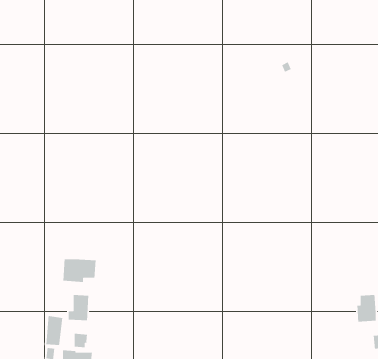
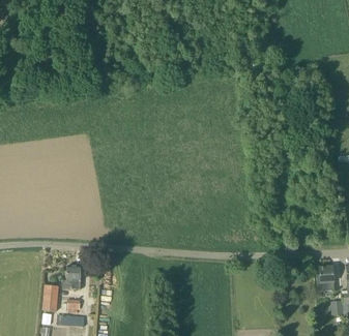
building: [63,259,97,283] -> none

